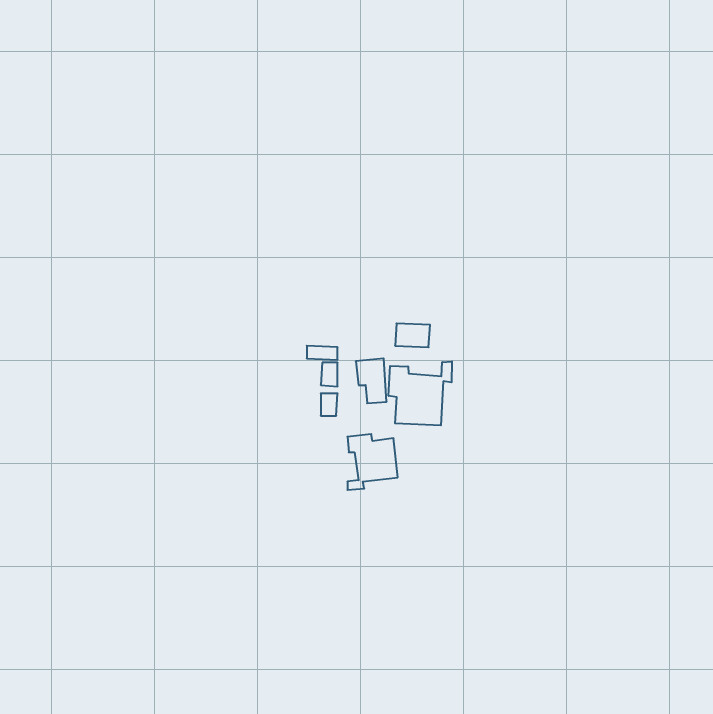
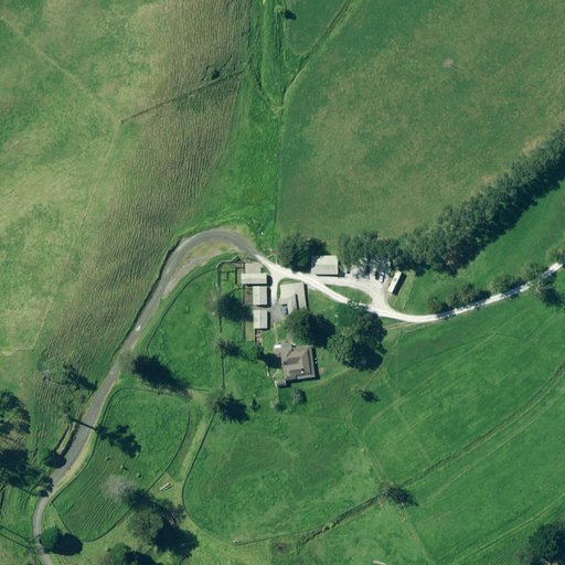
building: [389,361,452,425] -> none

